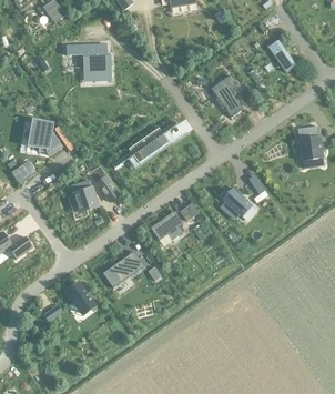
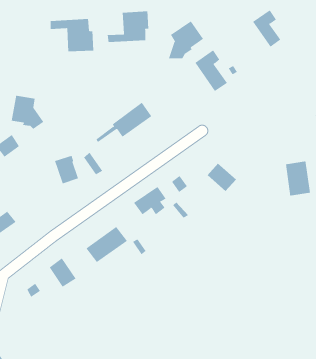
building: none -> [107,10,149,43]
building: none -> [168,20,204,59]
building: [297,125,323,161] -> [285,161,311,196]

